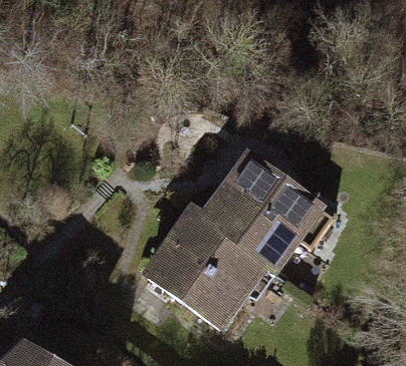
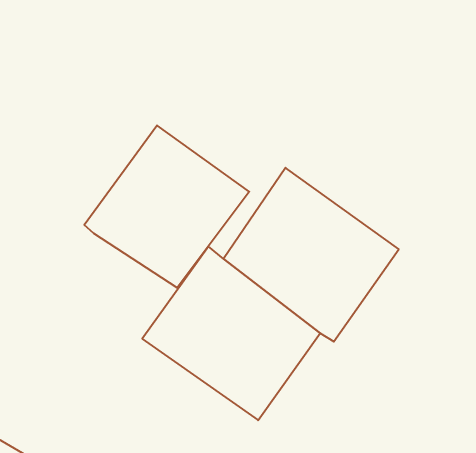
building: none -> [84,125,249,288]

